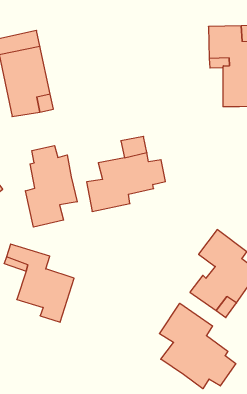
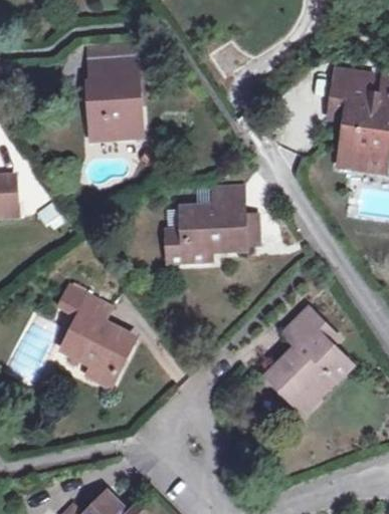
building: [25,146,77,227] -> none
building: [159,303,236,389] -> none

